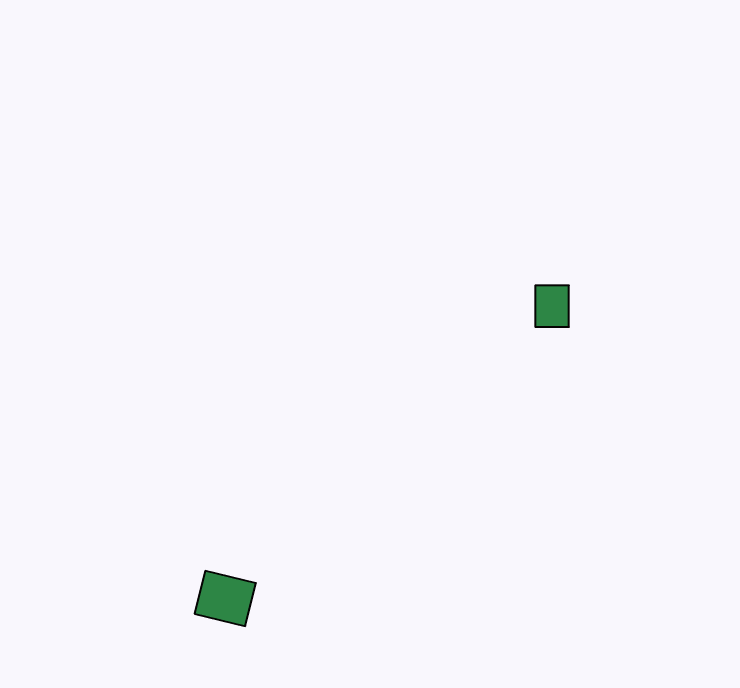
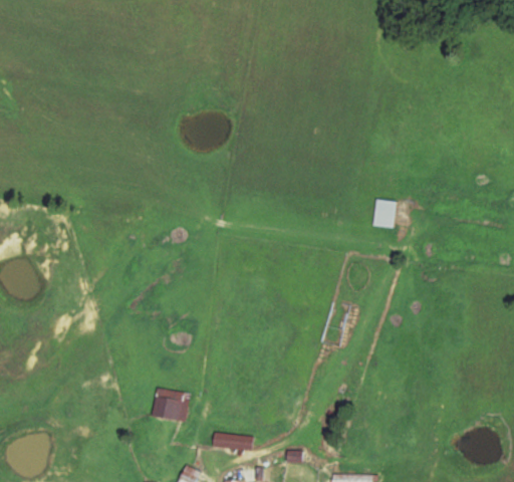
building: none -> [213,433,253,450]

